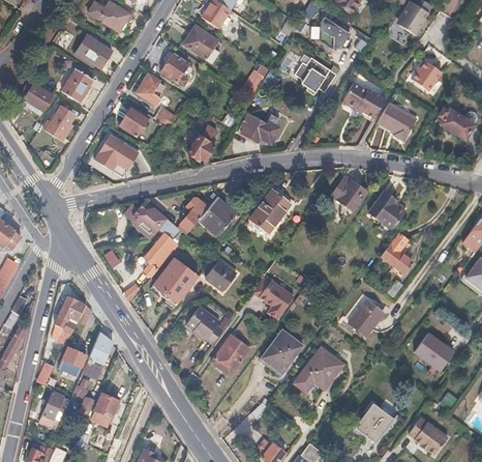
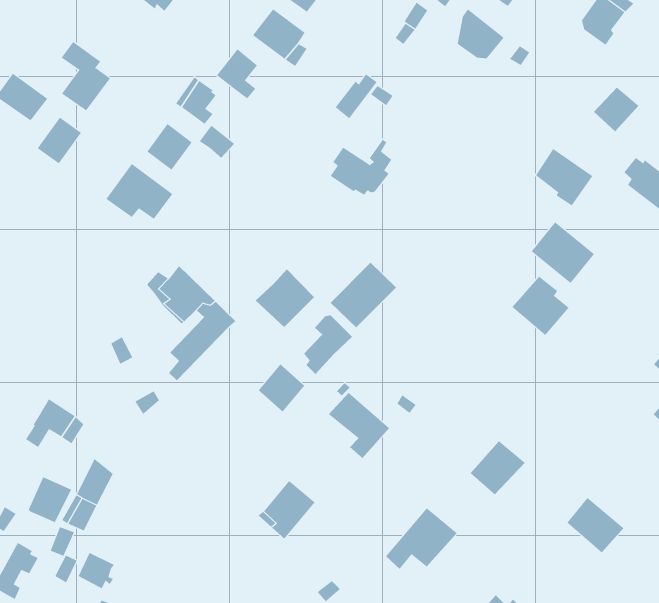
building: [74,36,112,68] -> none
building: [295,58,337,95] -> none
building: [342,84,385,119] -> none
building: [188,125,217,161] -> none
building: [325,172,367,212] -> [531,221,595,284]
building: [178,194,210,234] -> [303,315,353,375]
building: [381,232,412,272] -> none
building: [153,258,200,306] -> none
building: [186,304,223,342] -> none
building: [261,329,303,375] -> none

